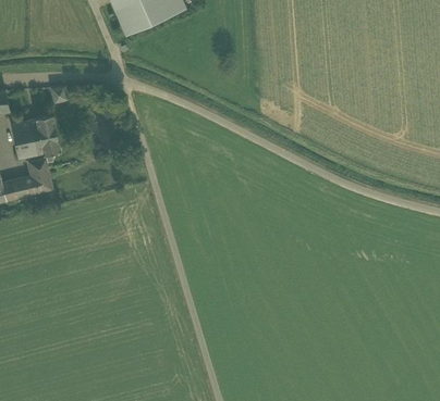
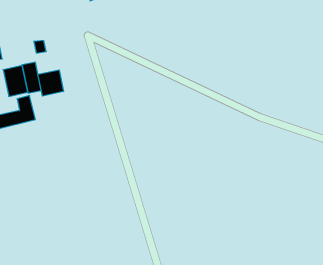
building: none -> [38,70,64,96]

